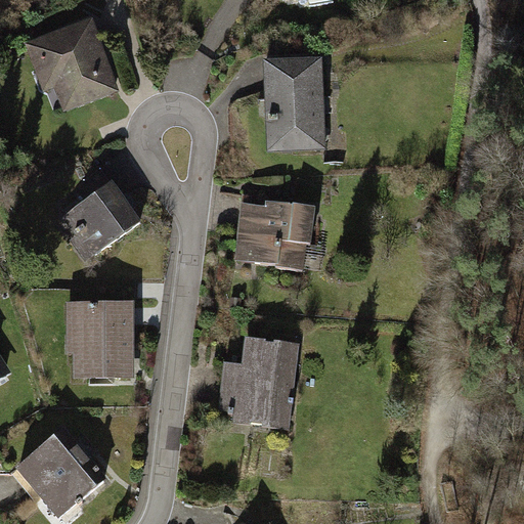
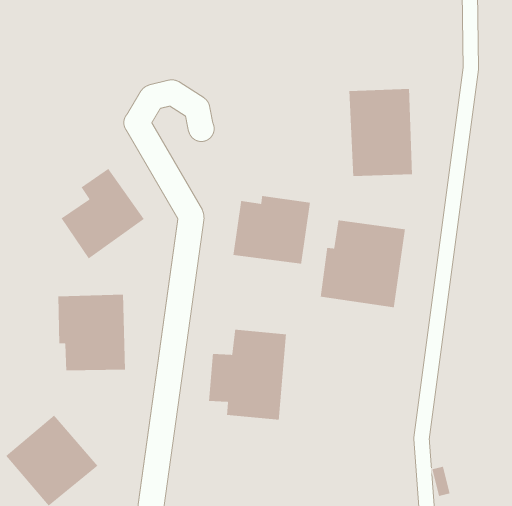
building: [28,18,125,113] -> none
building: [263,58,329,148] -> [348,88,413,177]
building: none -> [320,220,406,308]

